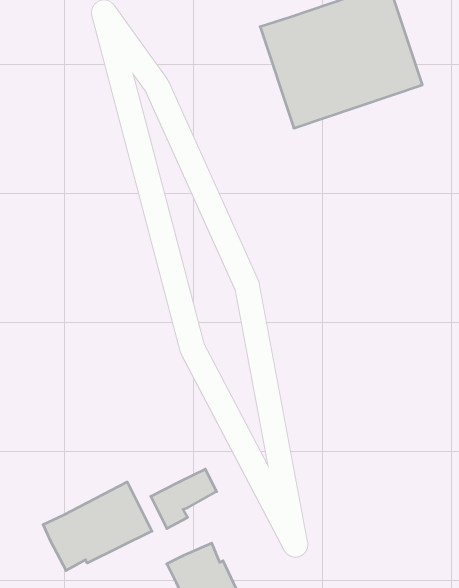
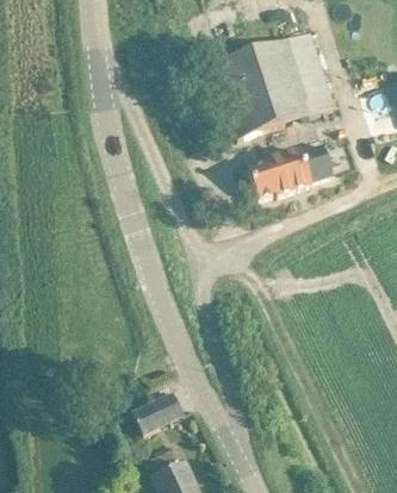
building: none -> [248,144,334,199]
building: [43,482,152,571] -> none

